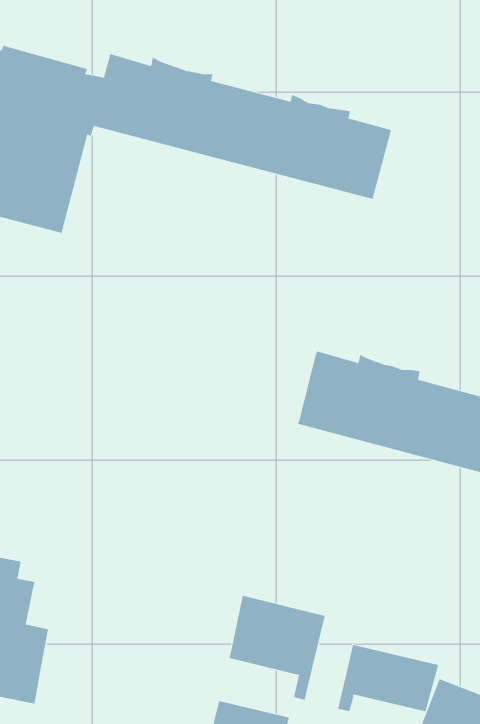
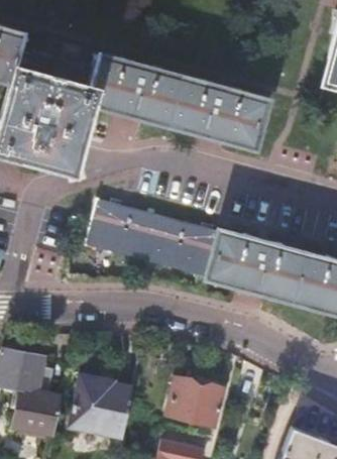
building: none -> [86,202,218,274]
building: none -> [70,374,132,437]
building: [337,644,439,712] -> none

